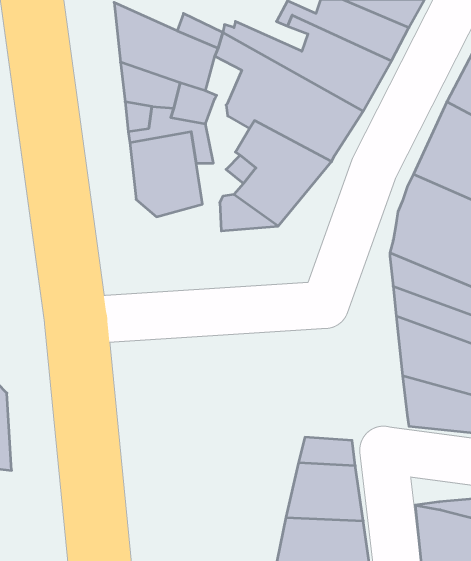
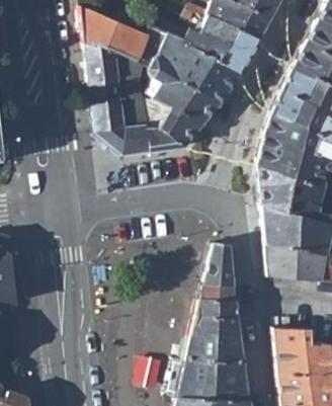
building: none -> [107,107,149,154]
building: none -> [202,243,233,286]

